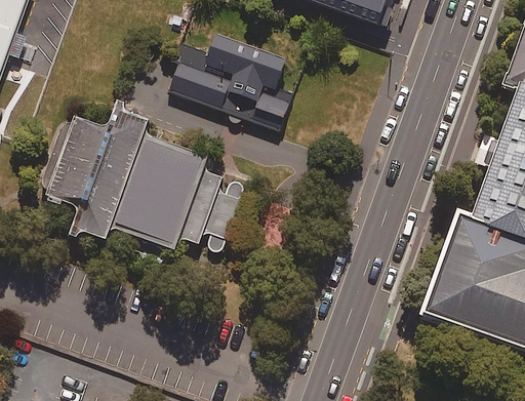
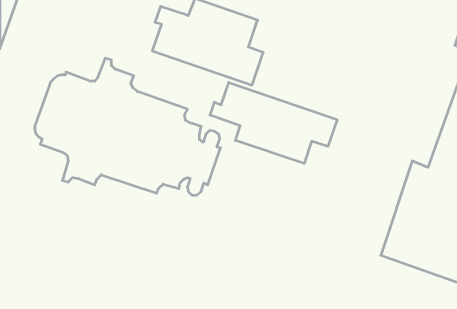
building: none -> [210,82,337,163]

